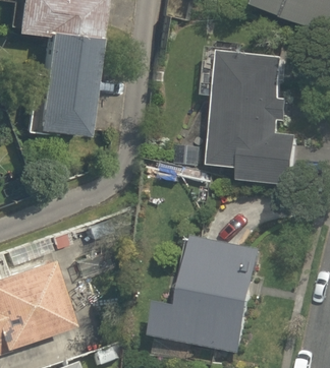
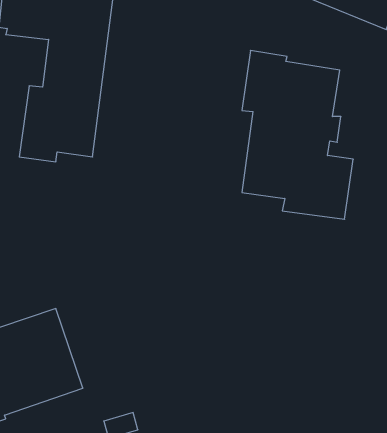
building: [160,241,257,348] -> none

